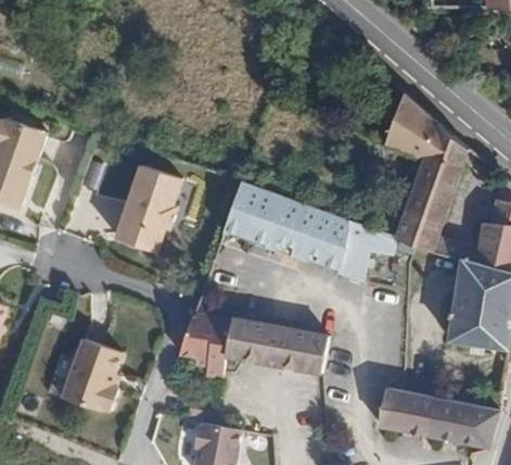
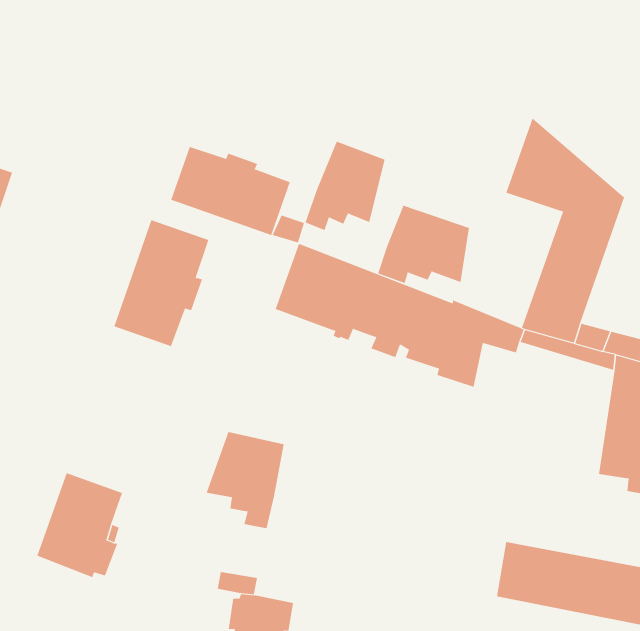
building: none -> [305,141,385,231]
building: none -> [171,146,291,236]
building: none -> [378,205,469,284]
building: [226,317,329,373] -> none

